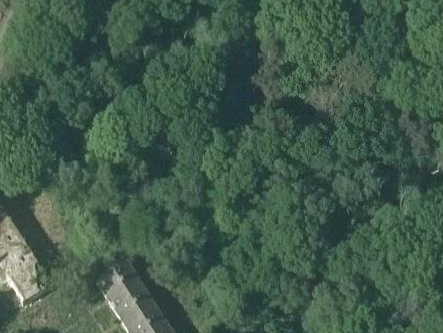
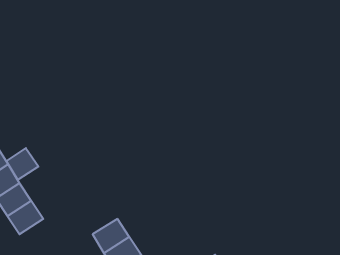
building: none -> [6,148,38,180]
building: [97,259,140,300] -> none

